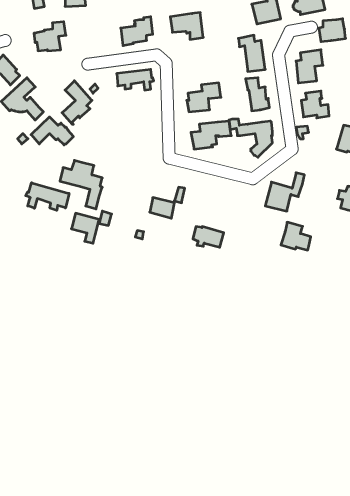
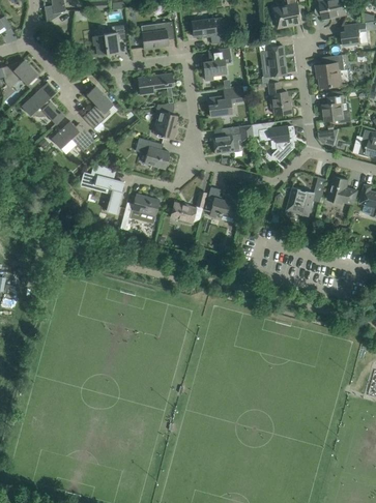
building: [34,22,66,51] -> [93,25,125,54]
building: none -> [203,49,230,80]
building: none -> [154,102,177,139]
building: none -> [135,138,170,169]
building: [26,183,69,210] -> none
building: [71,213,99,243] -> [132,194,160,224]
building: [281,222,311,250] -> [327,176,357,204]
building: [193,227,224,247] -> [205,197,236,217]

